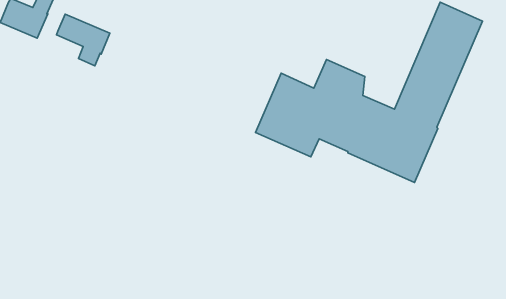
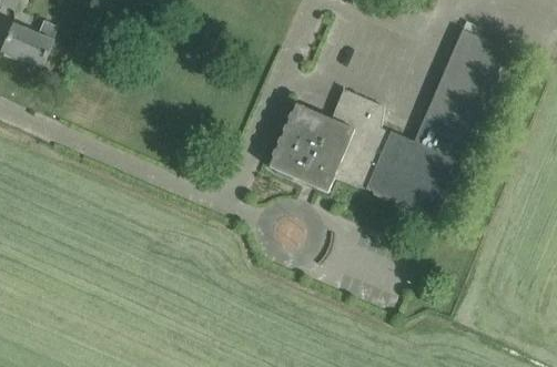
building: [56,14,110,66] -> none

